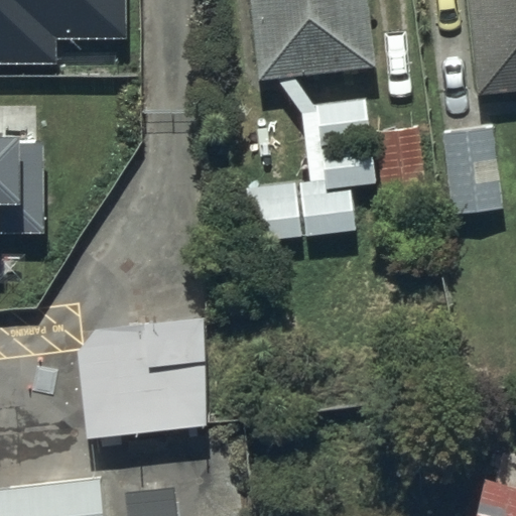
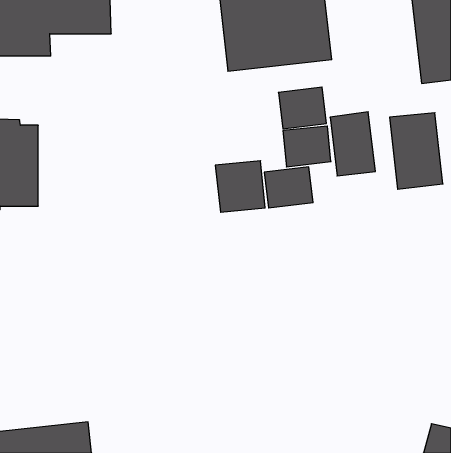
building: [74,319,217,437] -> none

